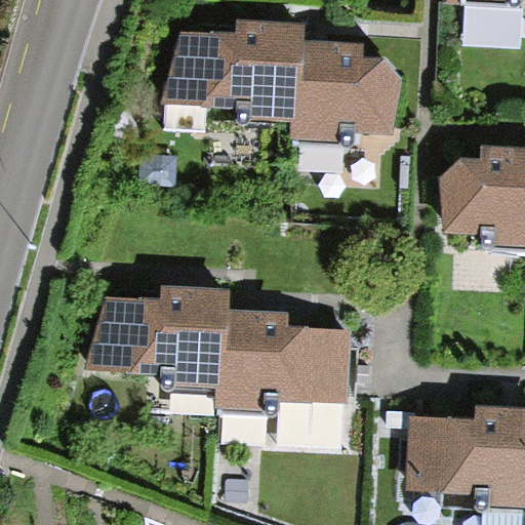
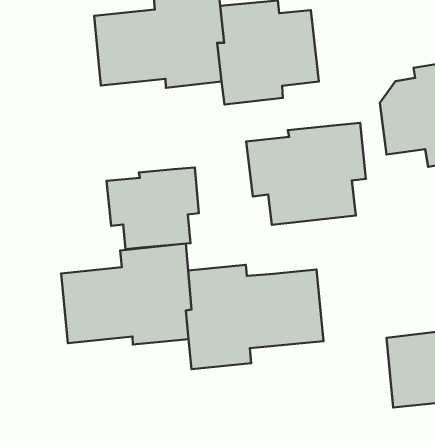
building: none -> [246,123,366,225]
building: none -> [106,167,199,249]

